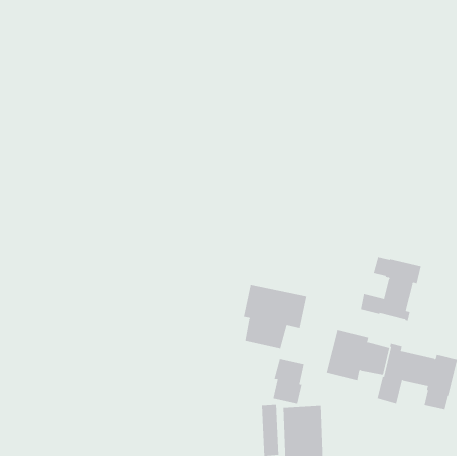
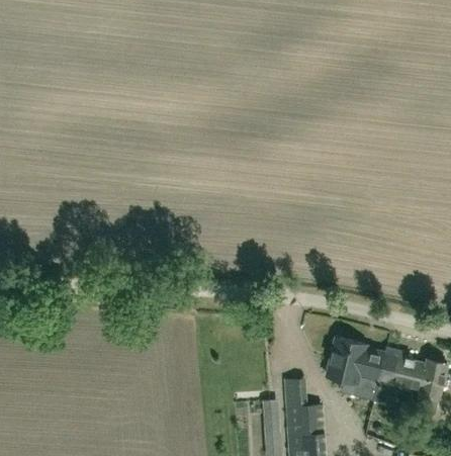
building: [360,256,421,321] -> none
building: [243,284,307,349] -> none

